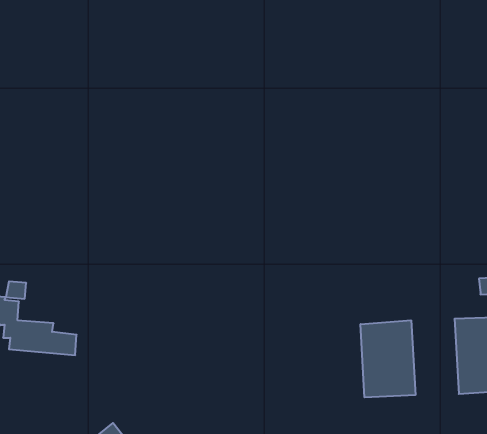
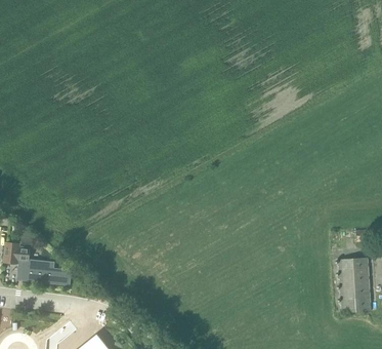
building: [361,320,415,397] -> none

